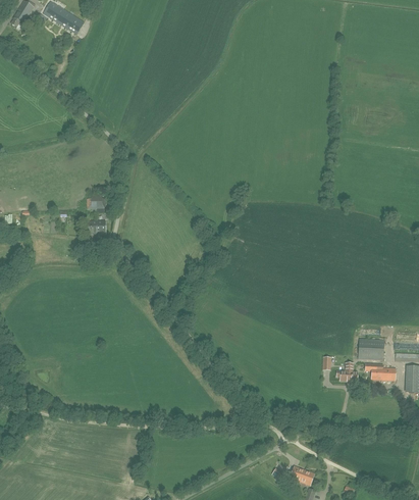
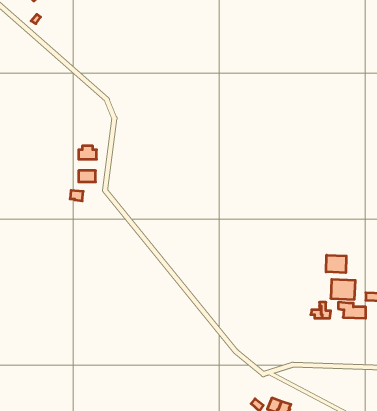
building: none -> [326,255,346,273]

